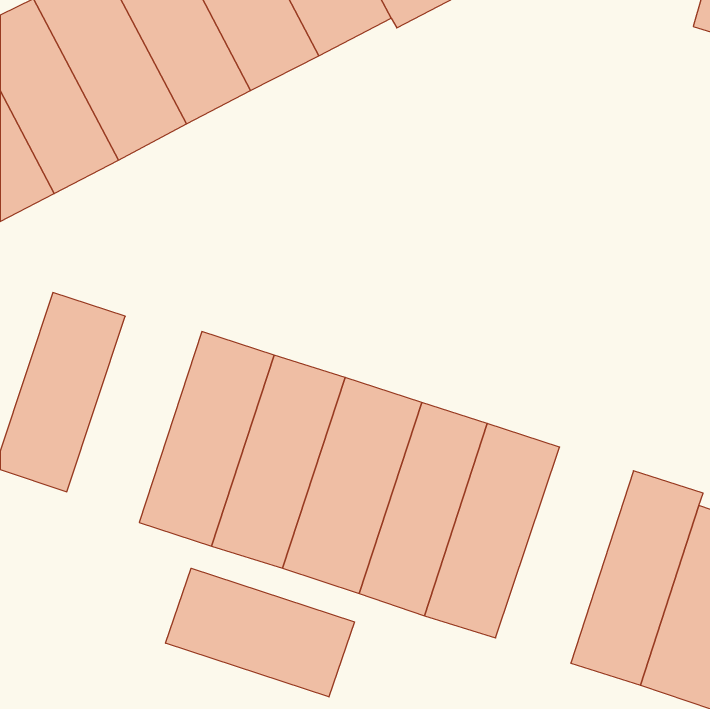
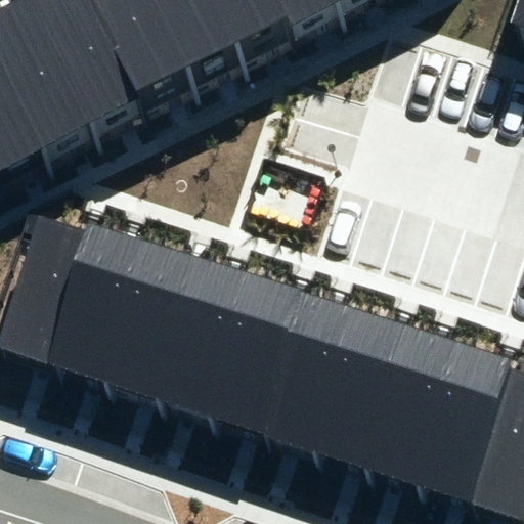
building: none -> [49,225,149,384]
building: none -> [365,329,467,487]
building: [166,568,354,697] -> none

